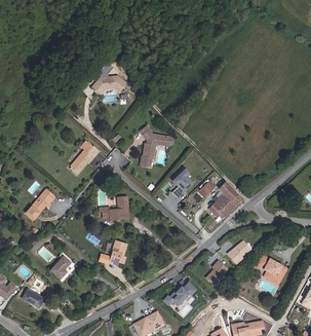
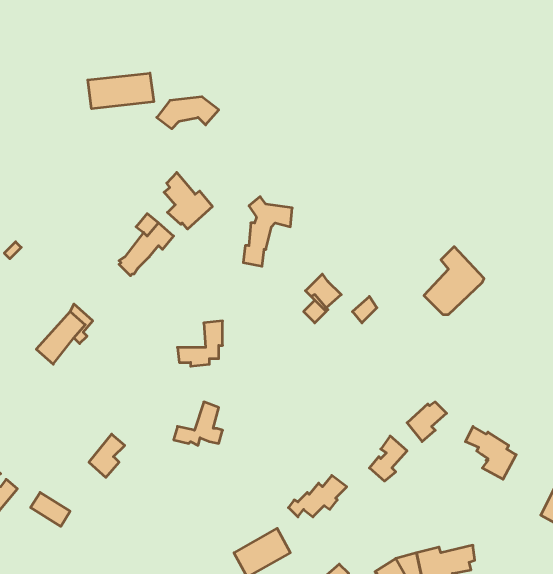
building: none -> [88,73,154,109]
building: none -> [164,172,212,229]
building: [209,182,242,219] -> [424,247,484,314]

